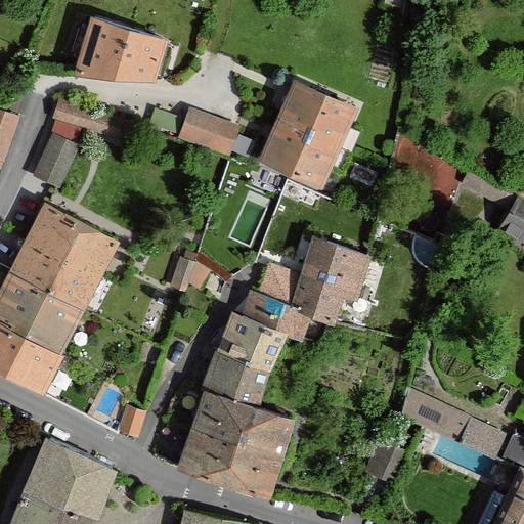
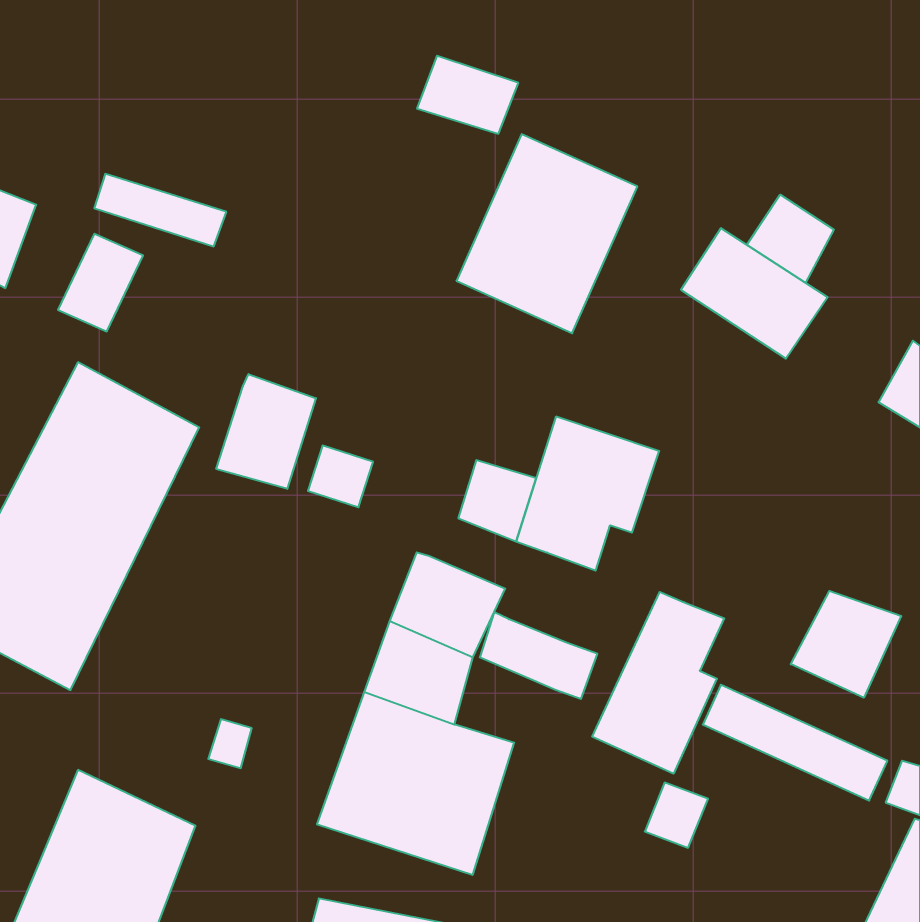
building: [73,16,167,80] -> none
building: [180,110,237,154] -> [417,56,518,134]
building: none -> [747,195,834,283]
building: none -> [216,374,316,489]
building: [243,291,309,340] -> [480,612,597,699]
building: none -> [791,591,901,698]
building: none -> [592,592,724,774]

